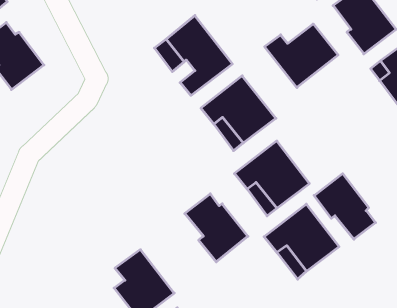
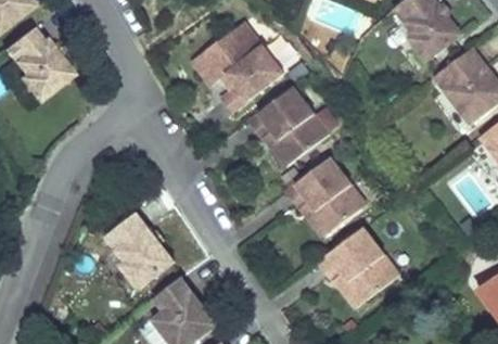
building: [265,24,338,88] -> none
building: [314,174,376,239] -> none
building: [185,194,248,262] -> [103,215,173,290]

